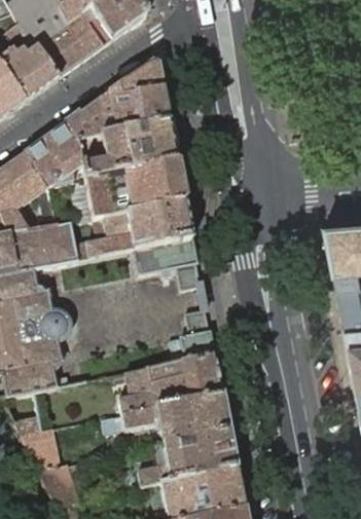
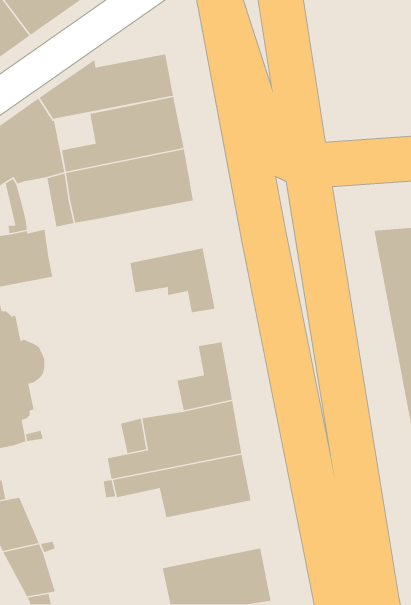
building: [108,61,163,99] -> none
building: [73,201,191,260] -> none
building: [120,432,236,491] -> none

